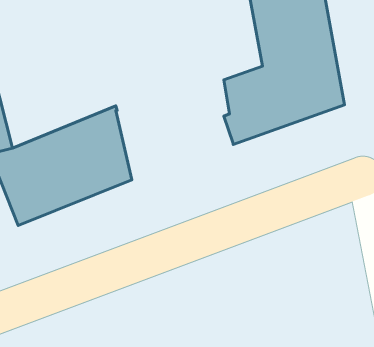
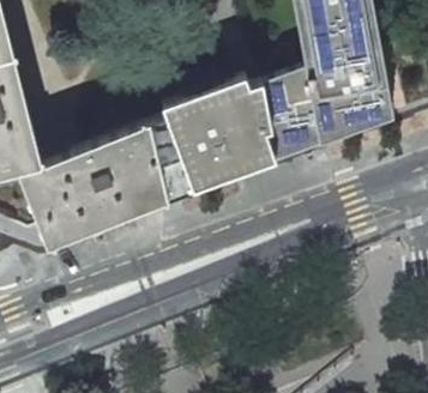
building: none -> [150,87,273,199]

